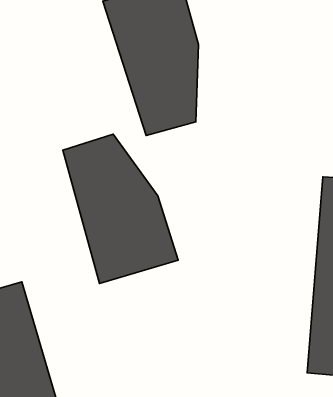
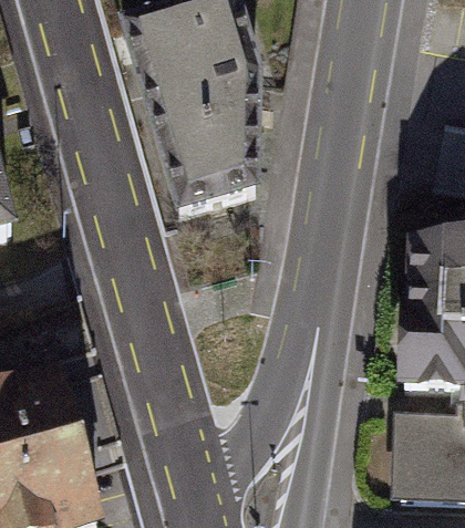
building: [63,134,178,284] -> none

